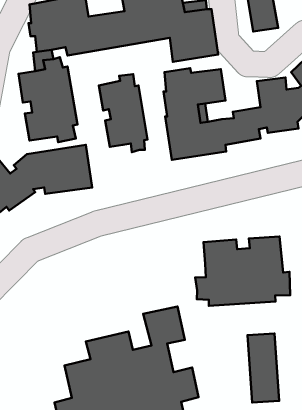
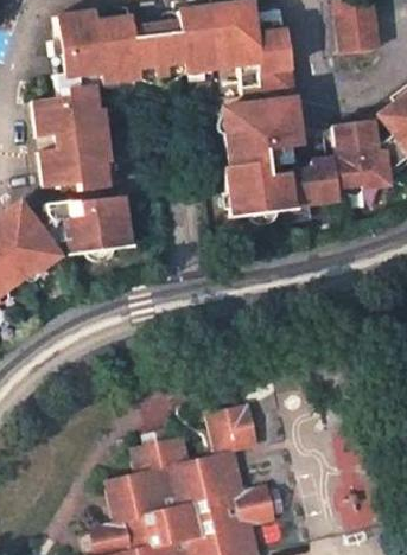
building: [99,74,148,152] -> none
building: [195,237,290,306] -> none

